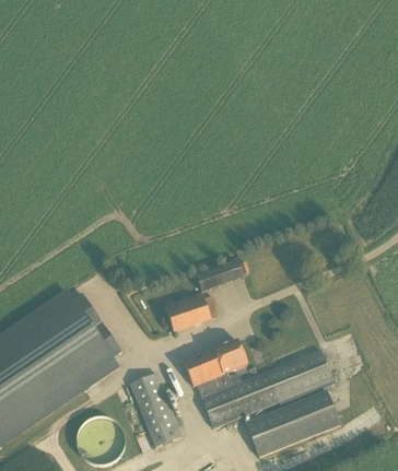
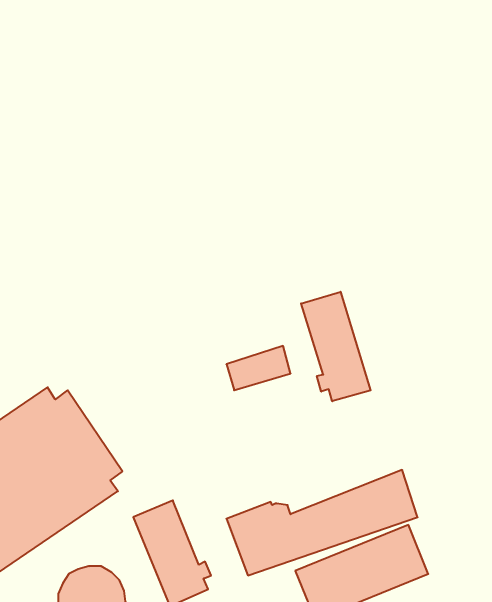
building: none -> [301,292,371,401]
building: [164,293,219,332] -> none
building: [184,340,247,385] -> none

